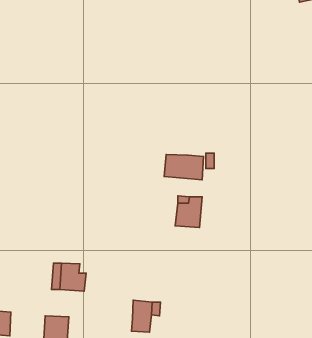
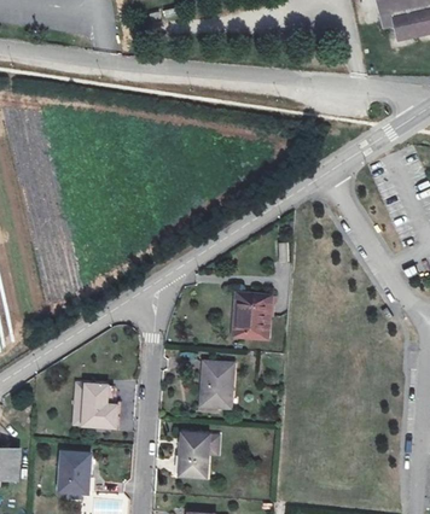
building: [164,154,204,180] -> none
building: none -> [204,363,234,408]

